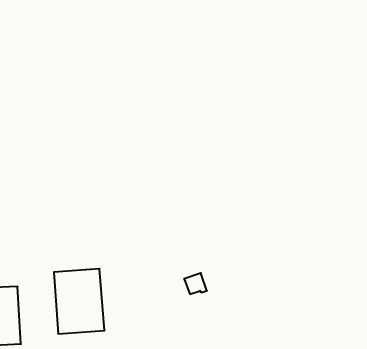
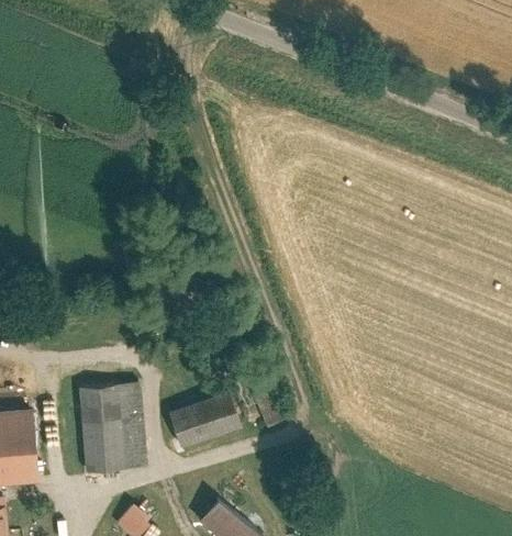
building: none -> [168,394,240,446]

